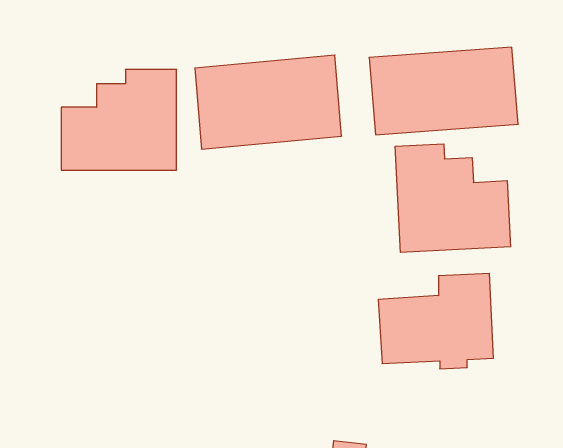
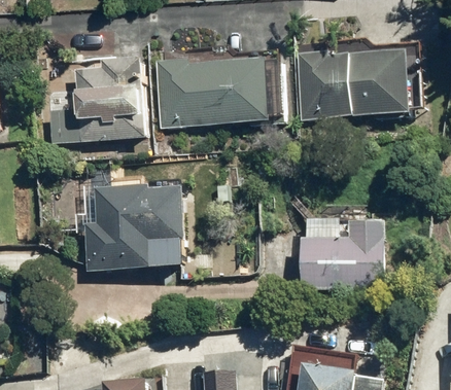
building: [395,144,511,252] -> none
building: none -> [86,185,185,272]

